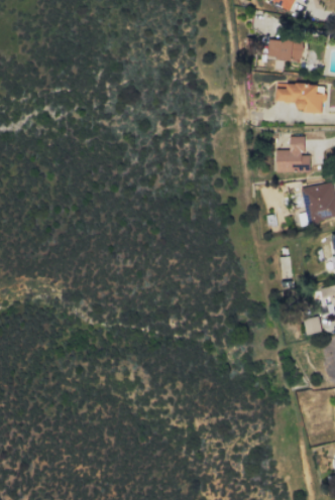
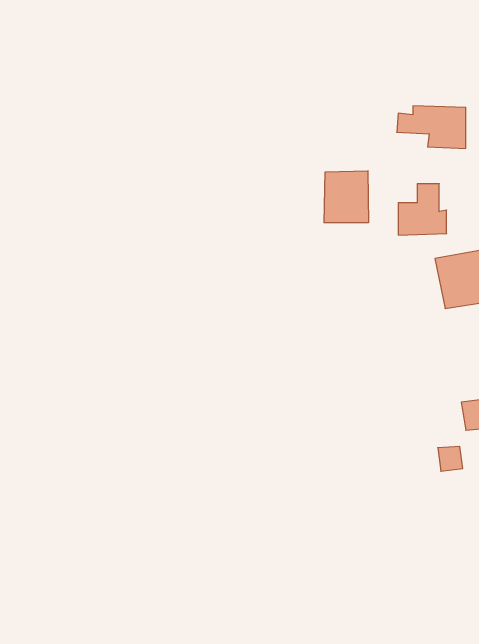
building: [267,40,304,60] -> none
building: none -> [324,171,368,223]

